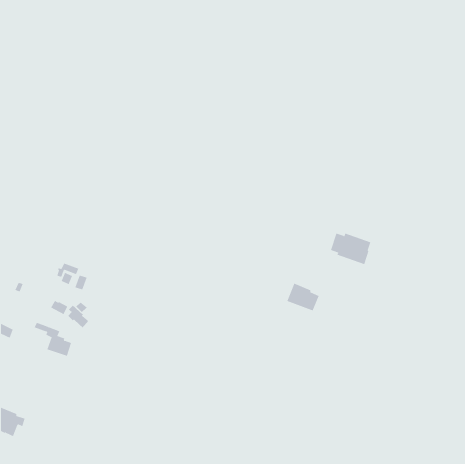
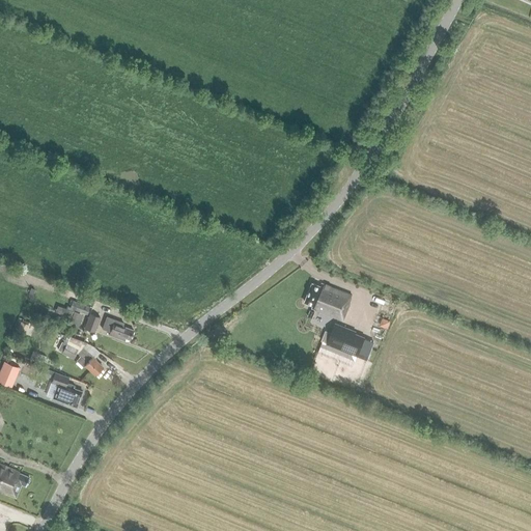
building: [330,233,371,265] -> [305,283,352,319]
building: none -> [103,315,133,340]

